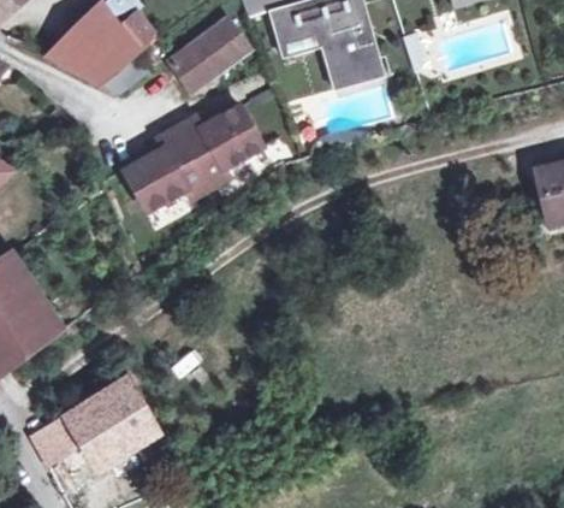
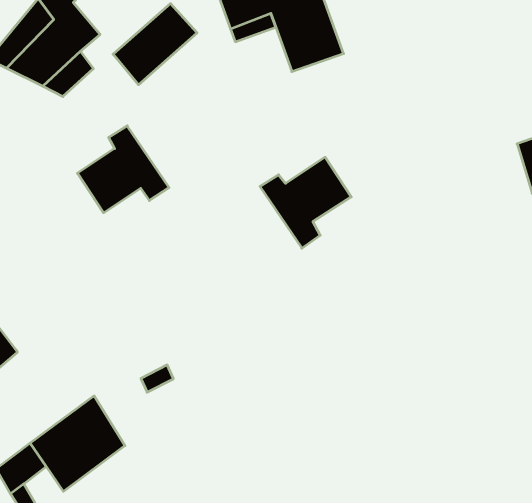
building: [176,105,260,188] -> [260,157,351,248]

